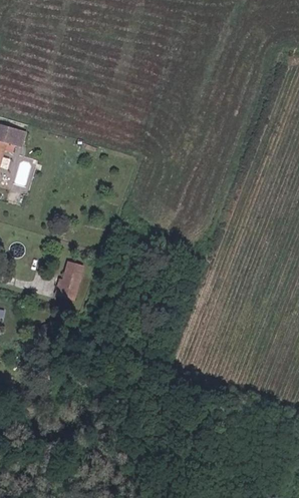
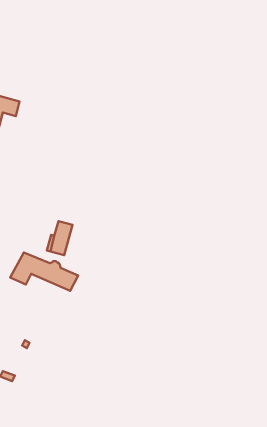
building: none -> [10,252,78,291]

